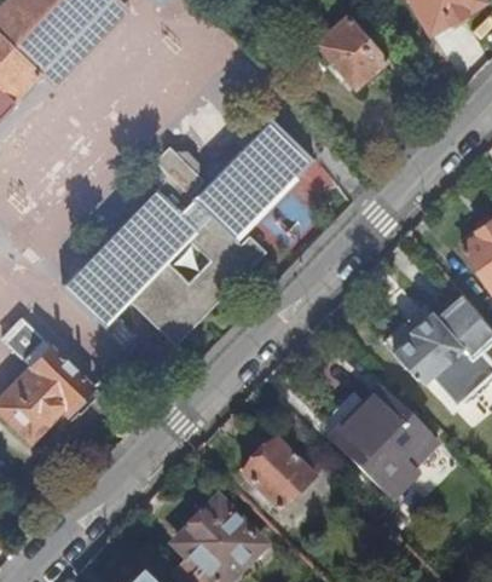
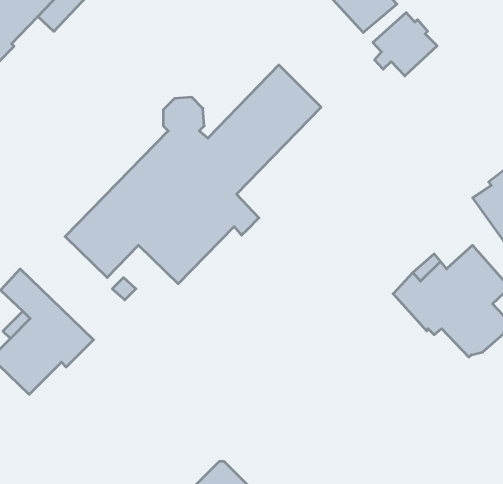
building: none -> [373,13,437,76]
building: [329,387,438,497] -> none
building: [244,442,316,512] -> none

